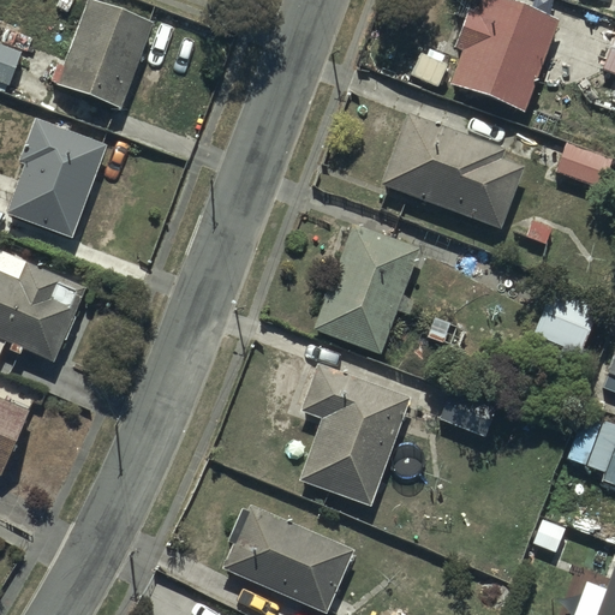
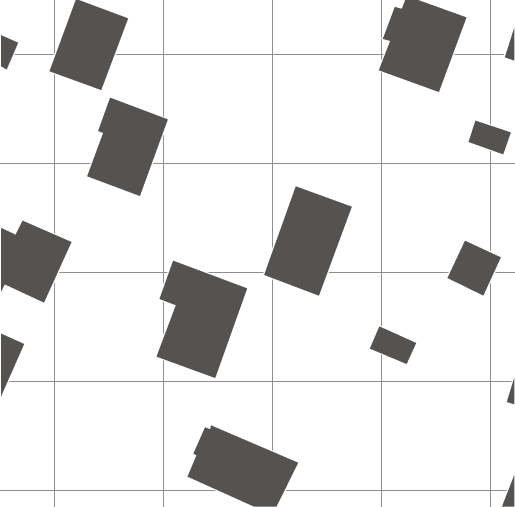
building: [381,111,524,229] -> none
building: [7,118,106,237] -> [86,97,169,197]
building: [299,364,410,506] -> [156,260,248,379]

